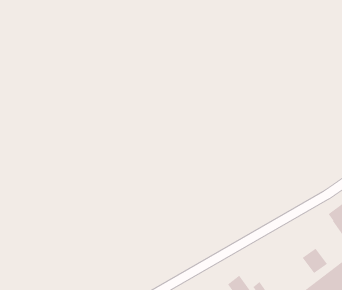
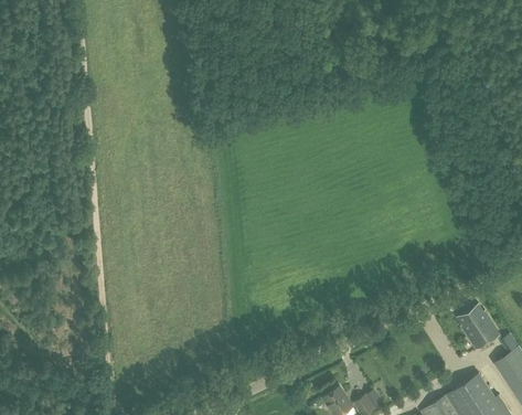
building: [302,248,328,274] -> none

